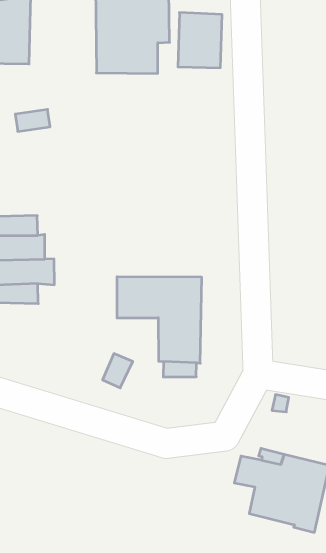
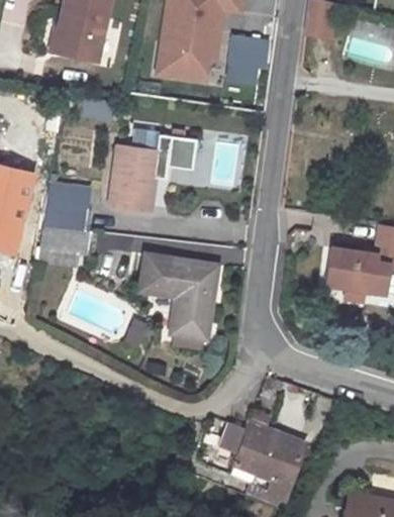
building: none -> [106,134,196,210]

